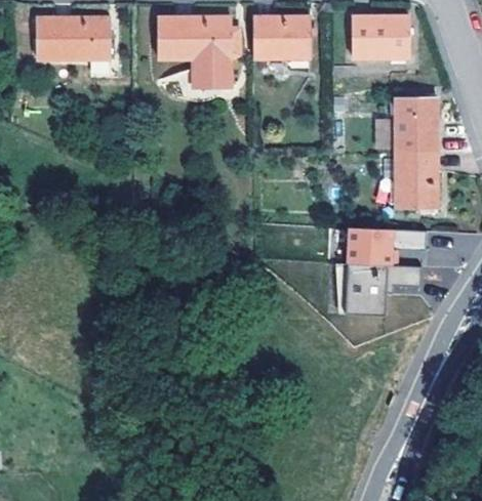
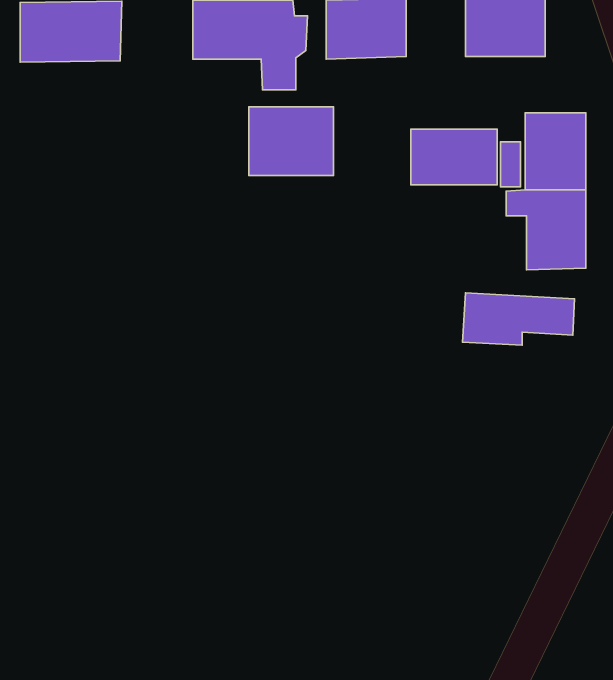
building: none -> [249,107,334,175]
building: none -> [411,129,497,185]
building: [349,262,423,316] -> none

